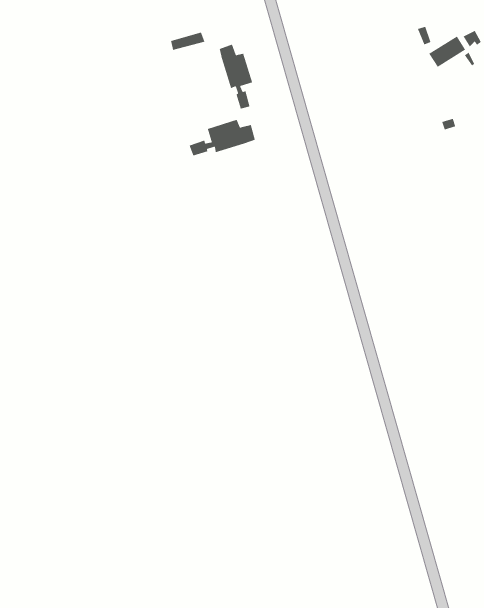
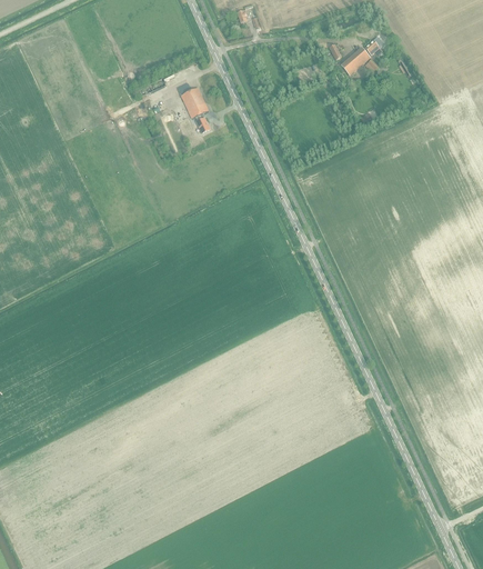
building: [189,119,256,156] -> none

